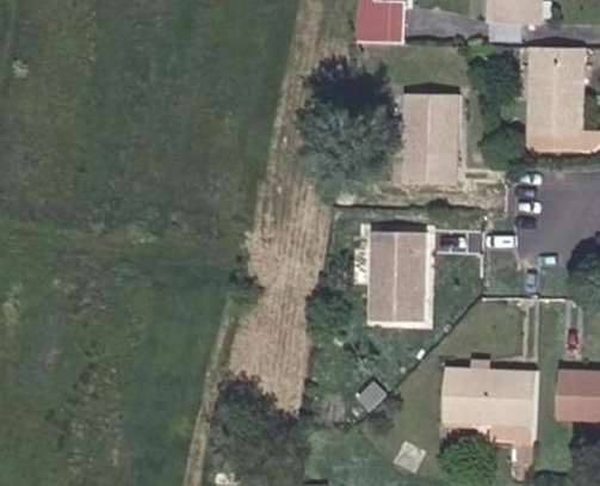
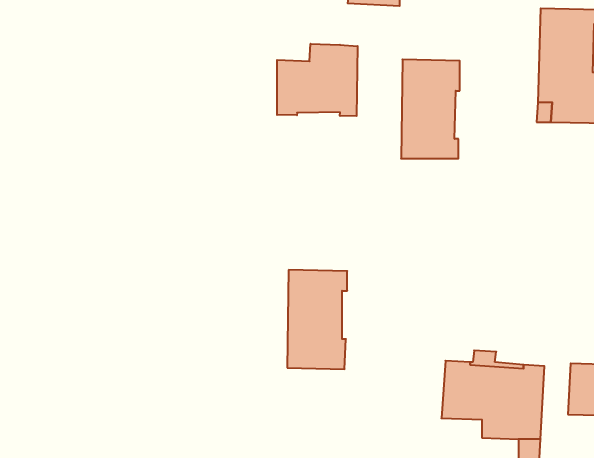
building: none -> [277,44,358,116]
building: [371,230,426,321] -> [287,270,347,369]

